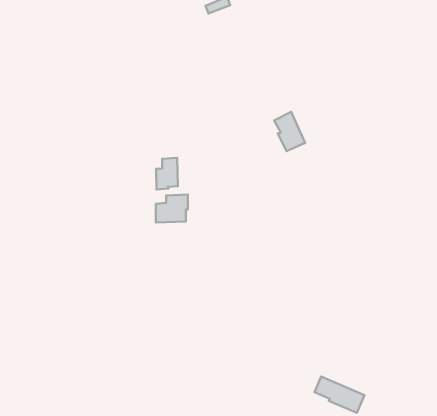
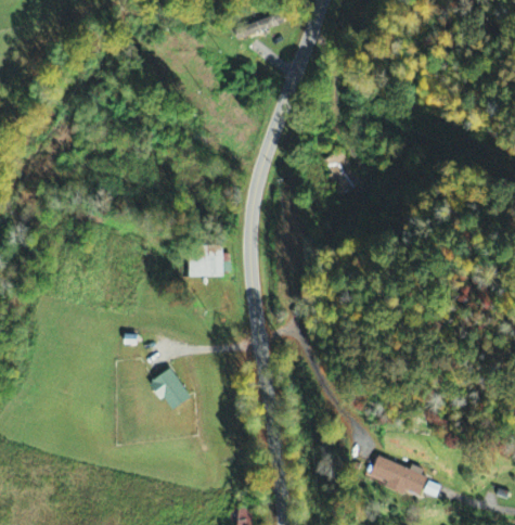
building: [156,158,178,189] -> none
building: none -> [152,369,190,411]

